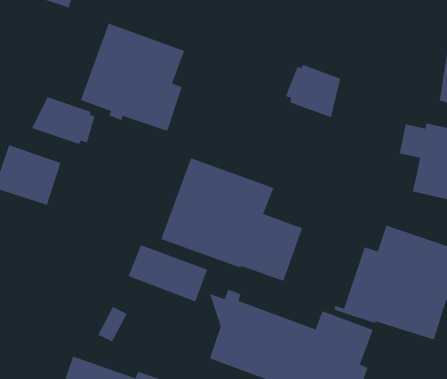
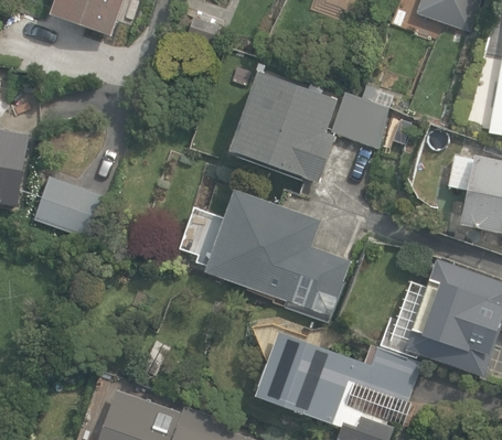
building: [80,22,185,132] -> [229,71,337,182]
building: [31,96,96,145] -> none
building: [128,244,208,303] -> none

